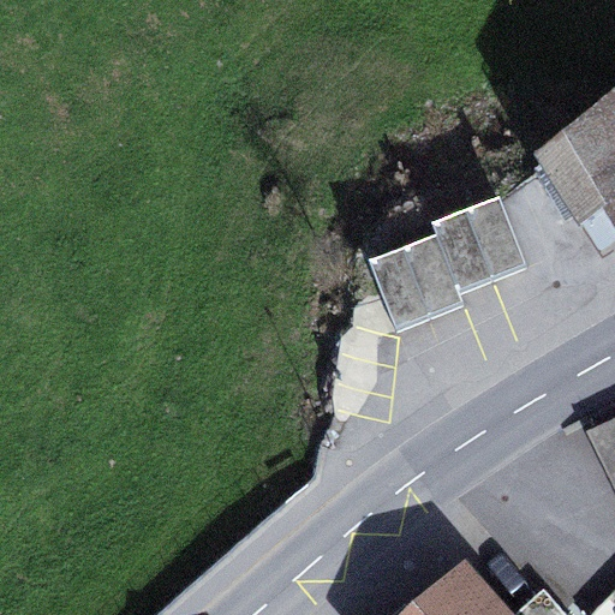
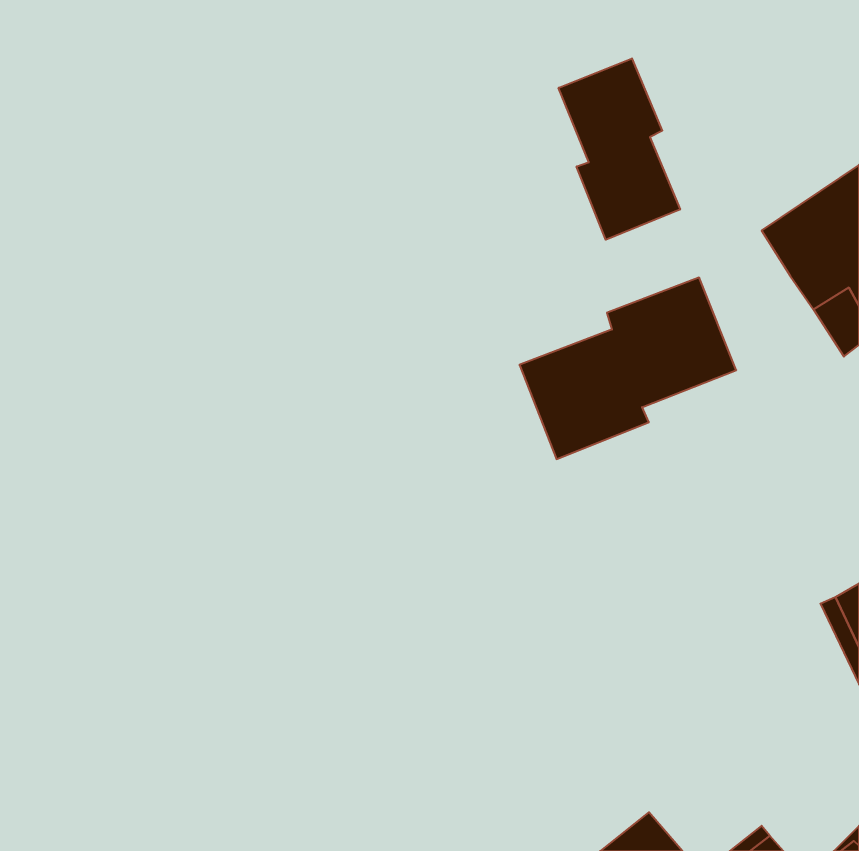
building: none -> [559,58,680,240]

